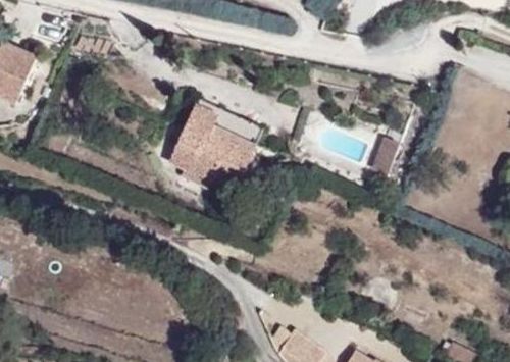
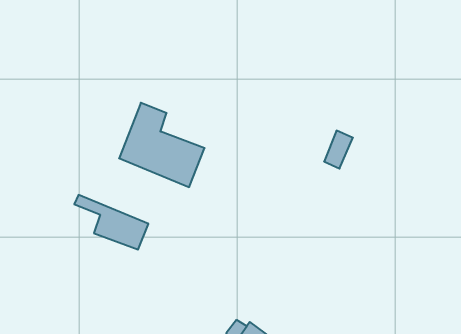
building: [189,101,262,155] -> [74,195,148,250]

